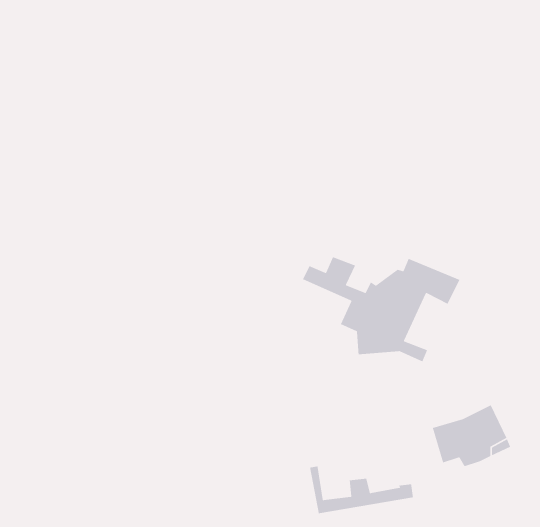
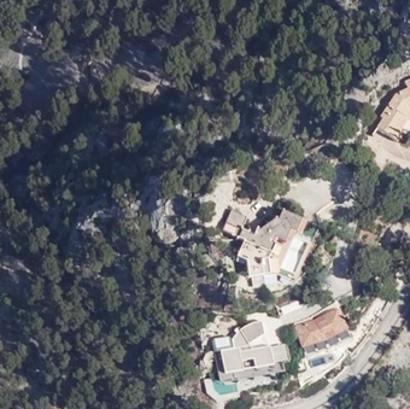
building: none -> [222,317,276,372]

